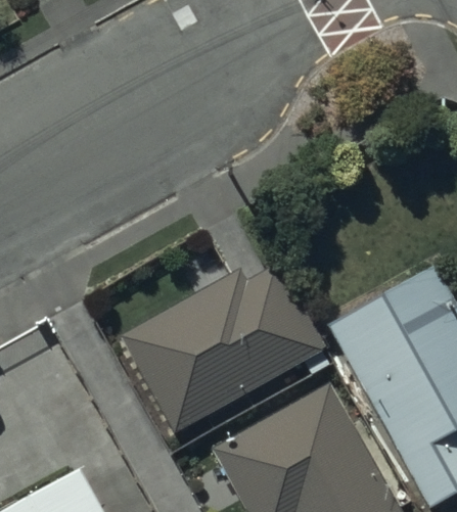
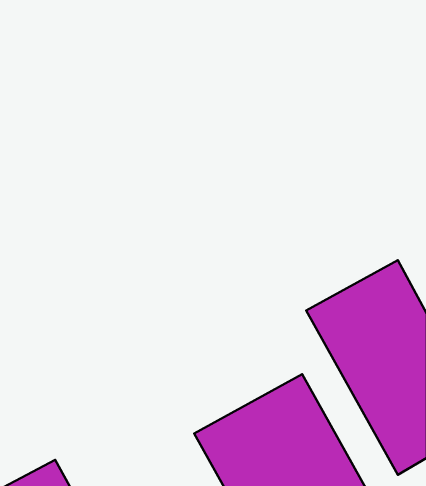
building: [129,275,319,425] -> none

